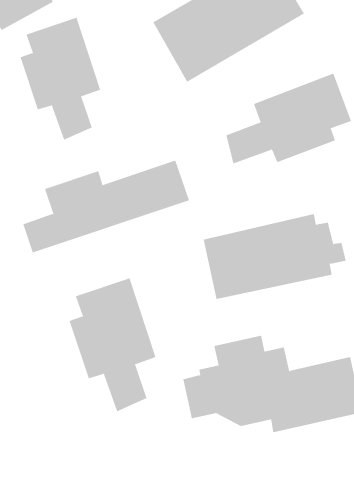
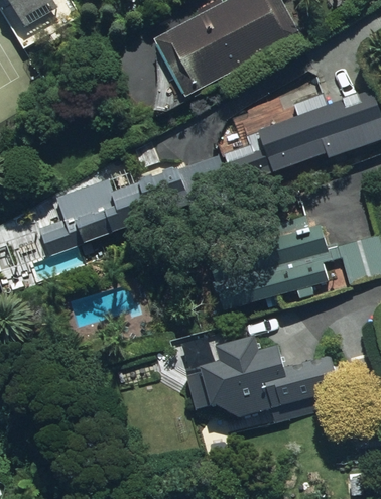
building: [20,17,101,141] -> none
building: [69,277,156,412] -> none

